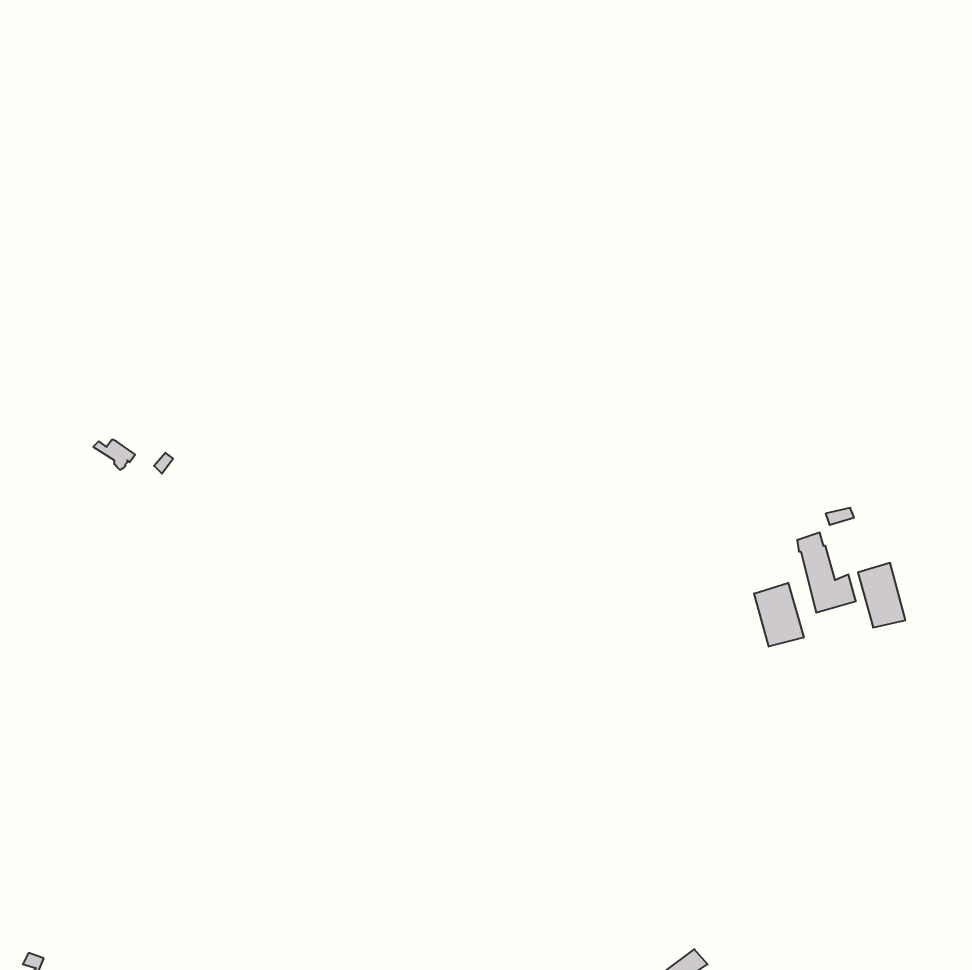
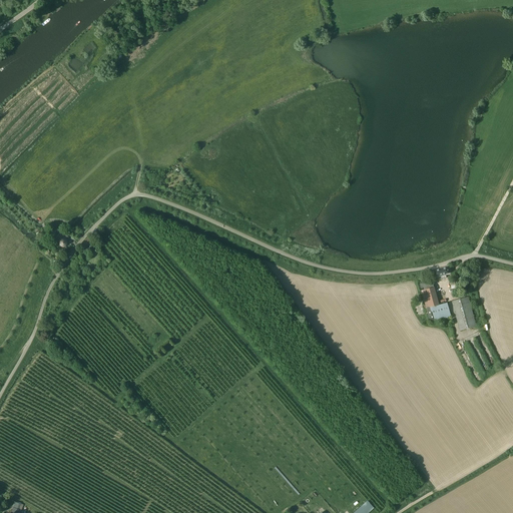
building: [754,583,804,647] -> none

